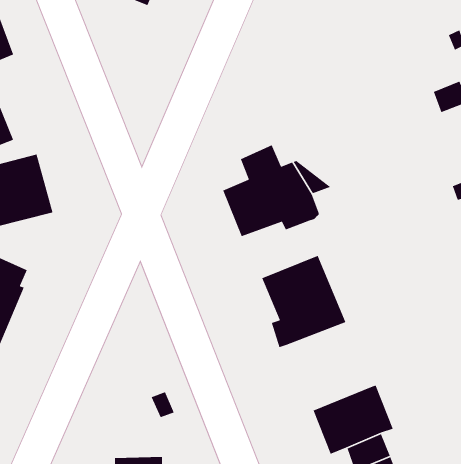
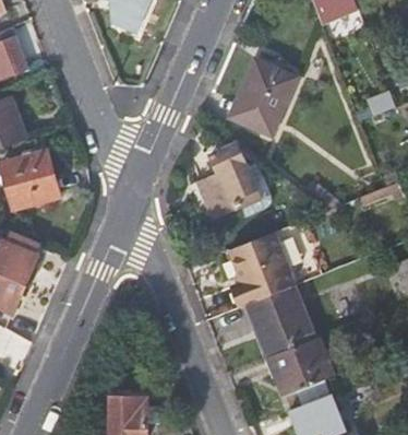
building: none -> [235,60,297,136]
building: none -> [248,286,316,357]

